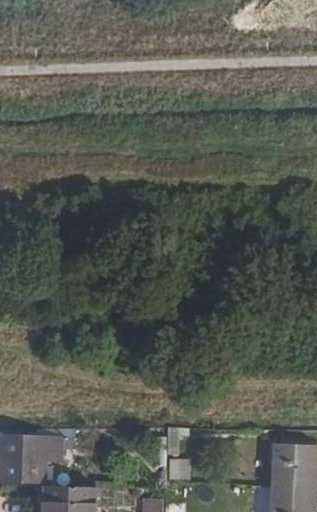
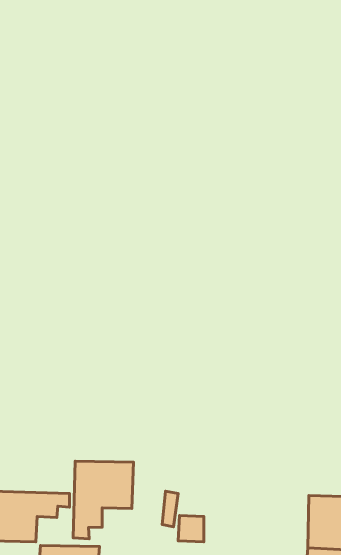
building: none -> [73,461,134,539]

